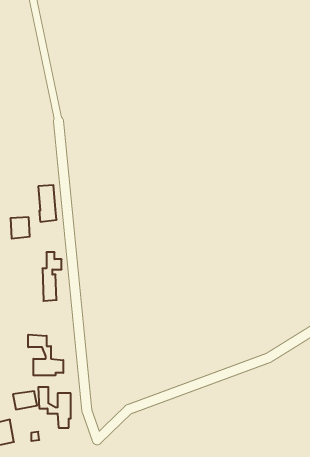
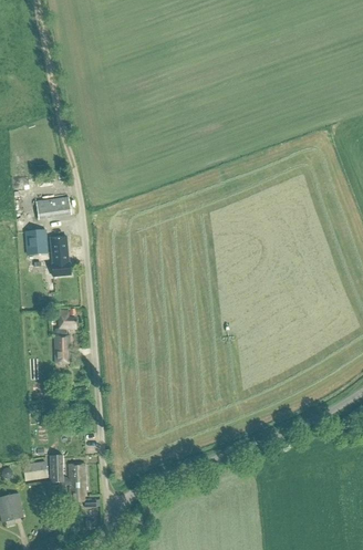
building: none -> [34,196,71,219]
building: [10,217,30,239] -> [25,231,46,255]
building: [28,335,63,375] -> none

